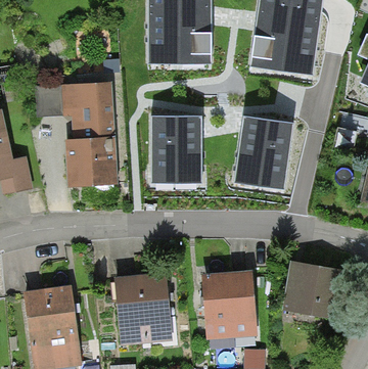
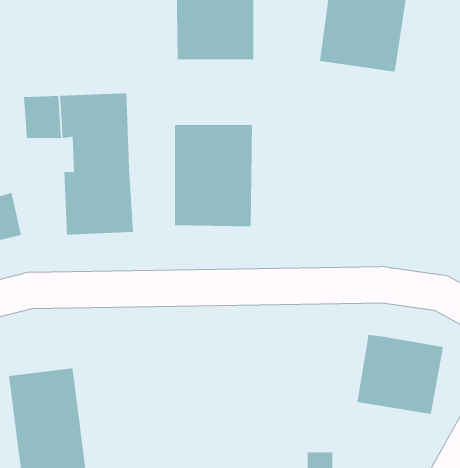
building: [230,111,300,195] -> none
building: [201,272,257,340] -> none
building: [113,273,171,344] -> none

